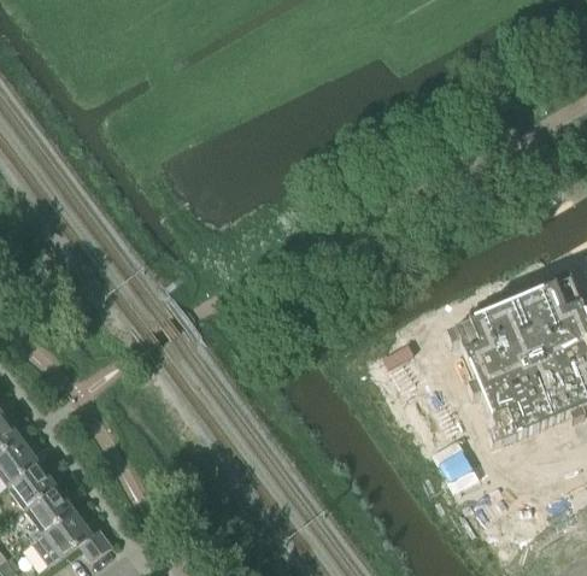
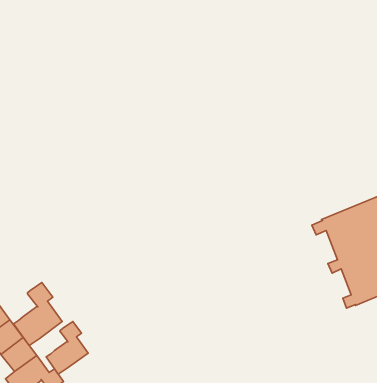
building: none -> [14,282,62,345]
building: none -> [46,322,88,374]

